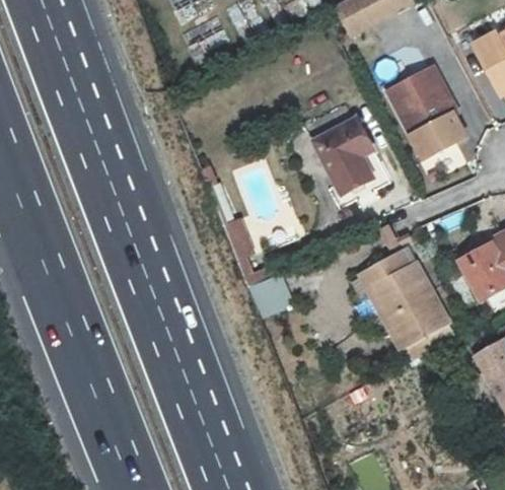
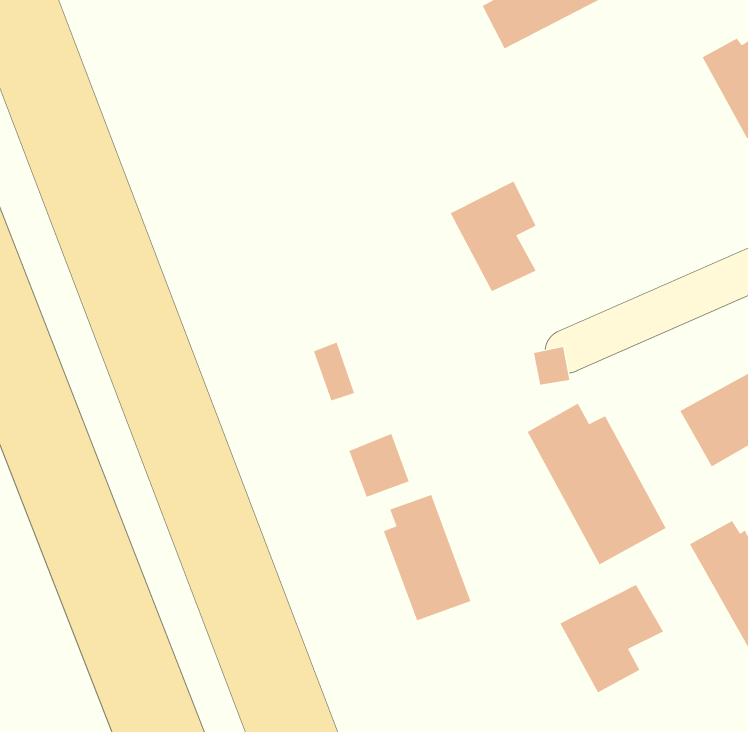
building: [387,66,464,156] -> none
building: none -> [383,494,471,621]
building: none -> [560,584,664,693]

